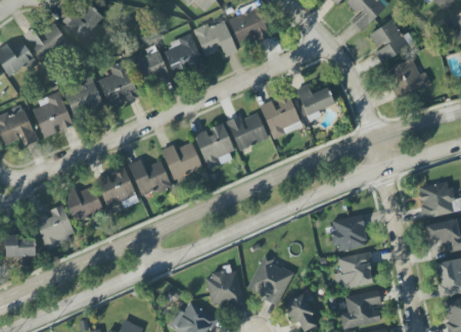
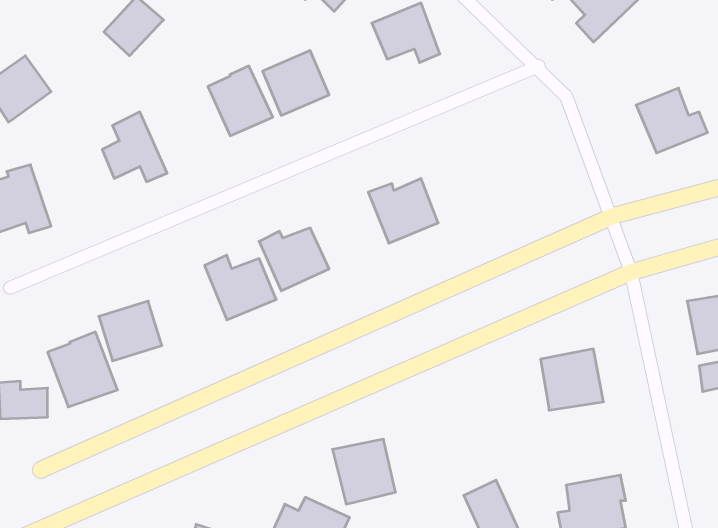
building: [195,18,237,57] -> none
building: [370,20,409,62] -> none
building: [25,23,68,60] -> none
building: [99,60,139,109] -> none
building: [297,85,333,121] -> none
building: [35,92,73,136] -> none
building: [262,94,302,138] -> none
building: [194,124,236,169] -> none
building: [96,168,139,214] -> none
building: [334,252,374,289] -> none
building: [247,257,294,304] -> none

